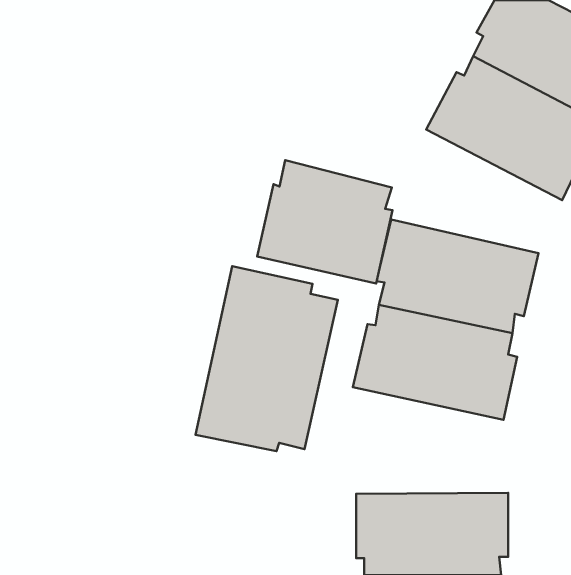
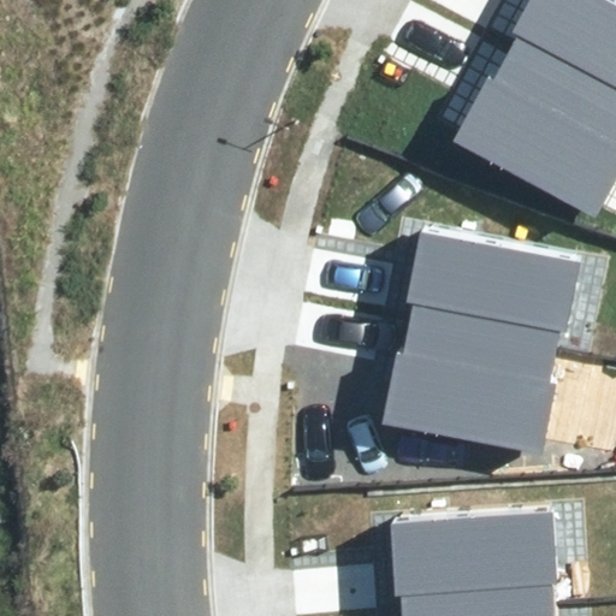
building: [257,160,393,284] -> none
building: [196,266,338,451] -> none

